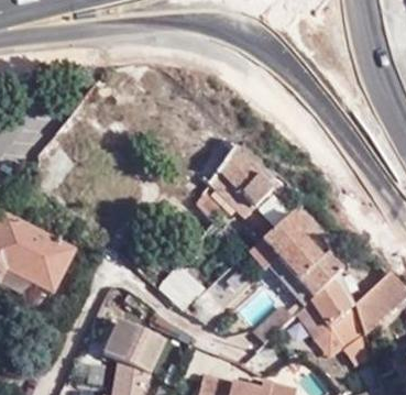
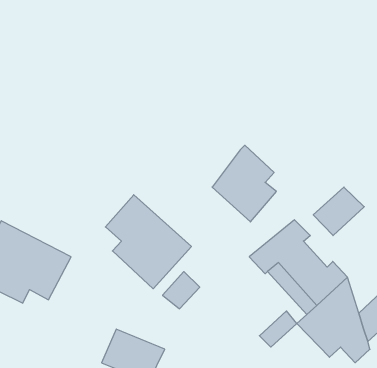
building: none -> [313,187,364,236]
building: none -> [105,195,191,289]

